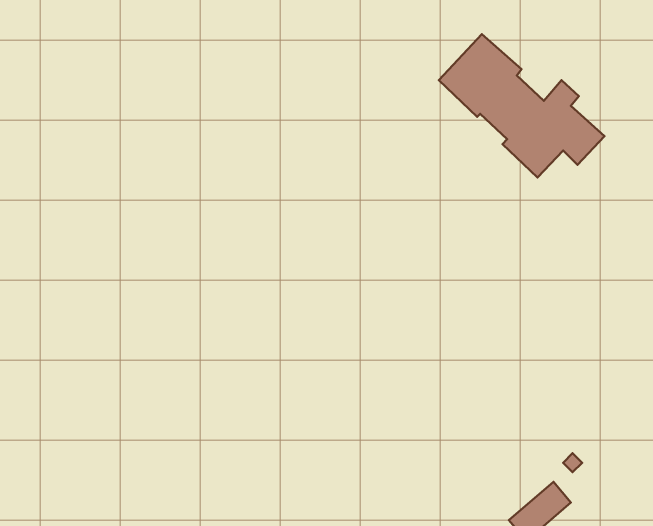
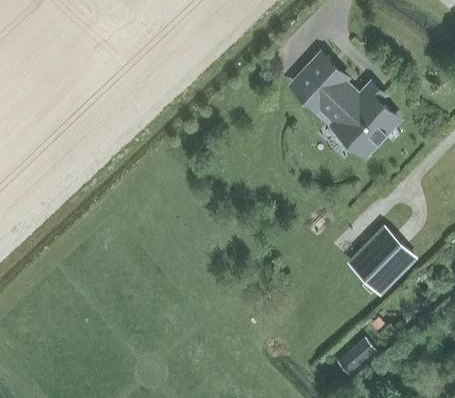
building: none -> [349,229,414,294]

